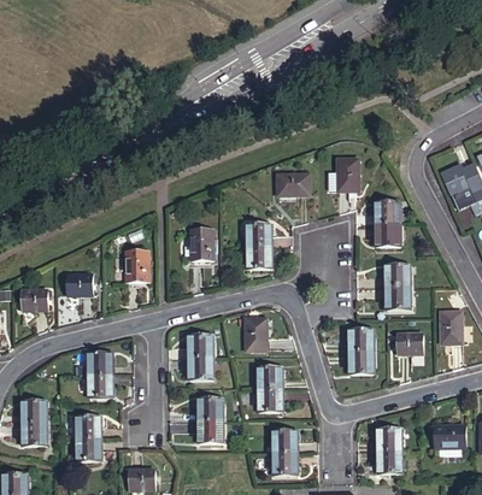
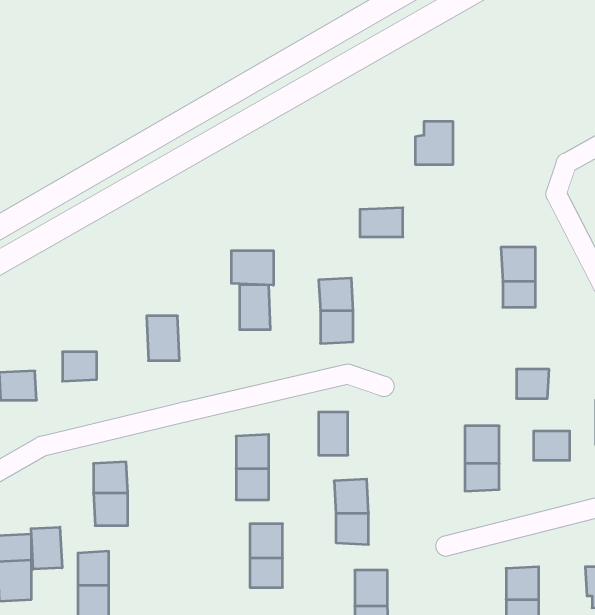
building: [328,160,354,190] -> [415,122,453,164]
building: none -> [231,251,273,285]
building: [384,263,407,287] -> none
building: none -> [31,527,62,569]

